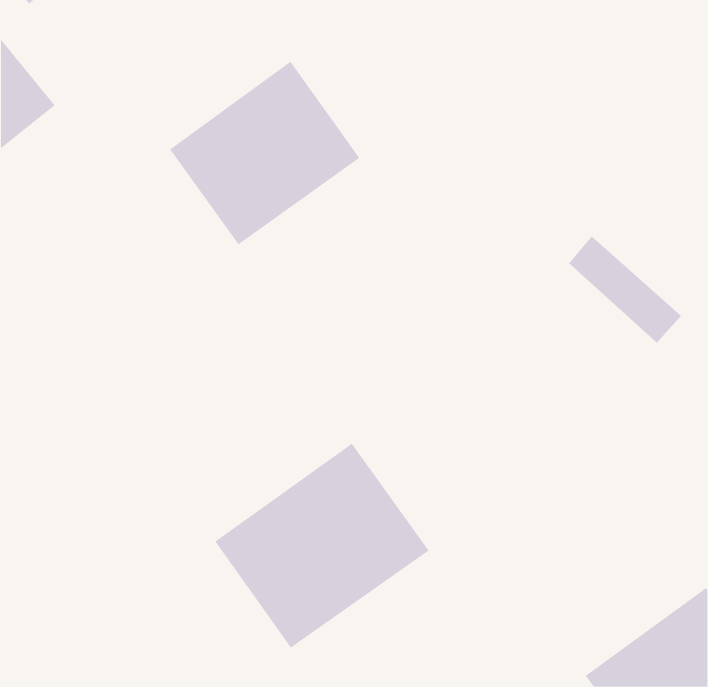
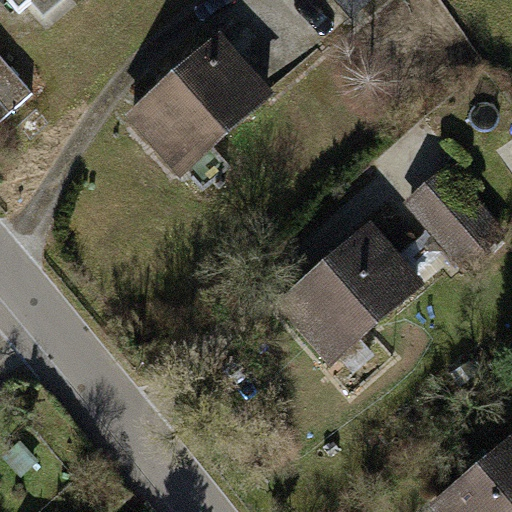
building: none -> [280,238,418,371]
building: [215,443,429,649] -> none

